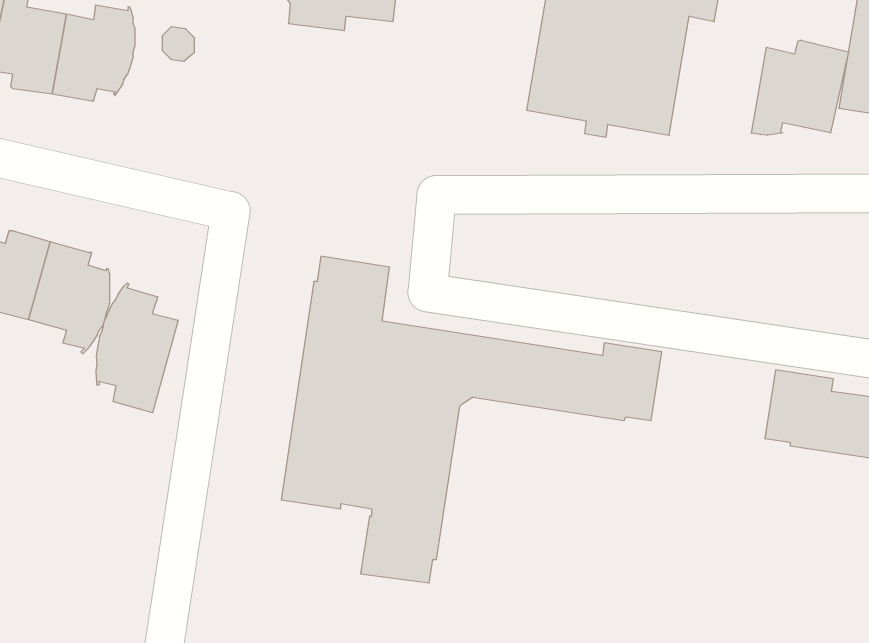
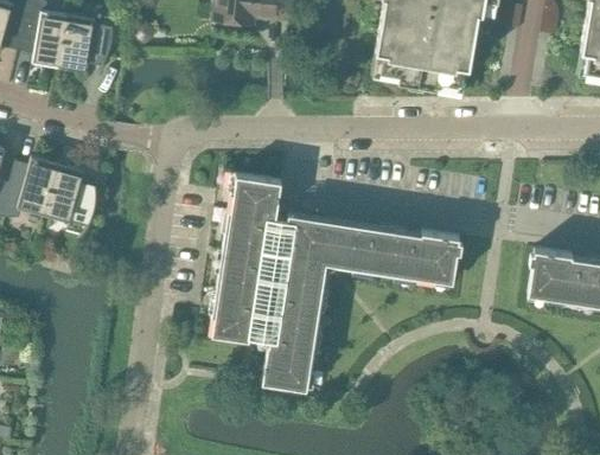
building: [751,40,848,135] -> none
building: [96,283,178,413] -> none

